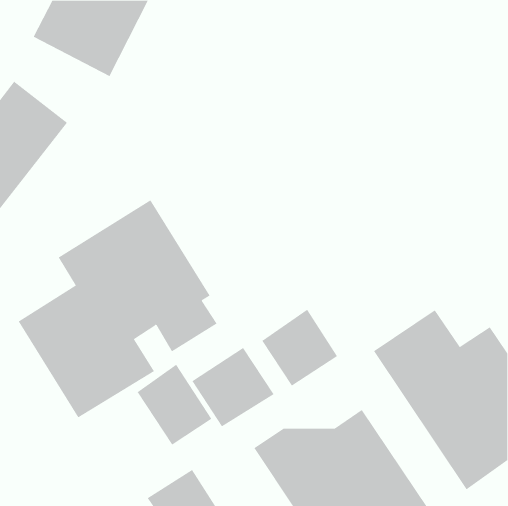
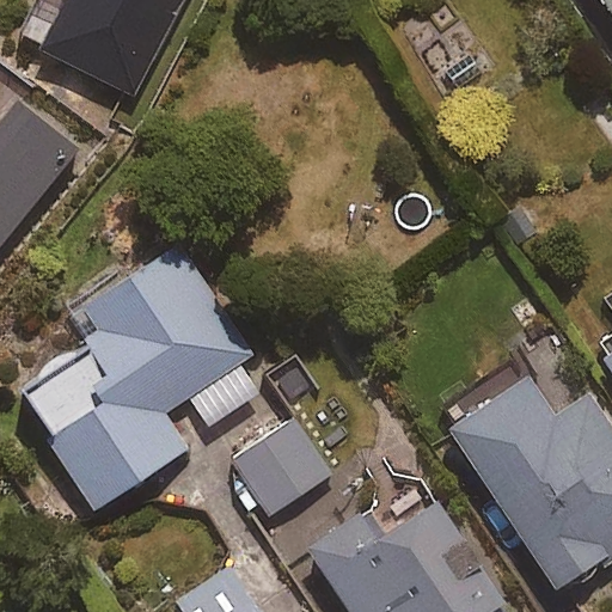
building: [262,309,338,387] -> none
building: [137,364,212,446] -> none

